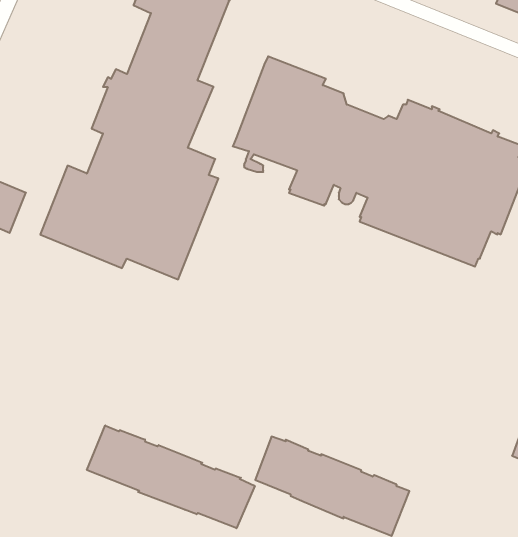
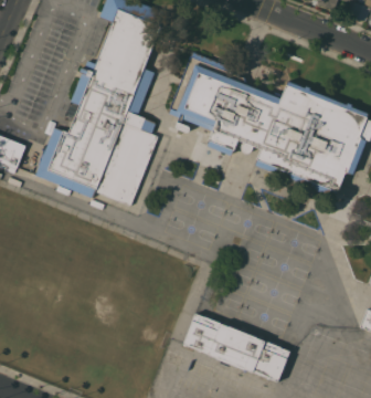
building: [87,425,255,528] -> none

